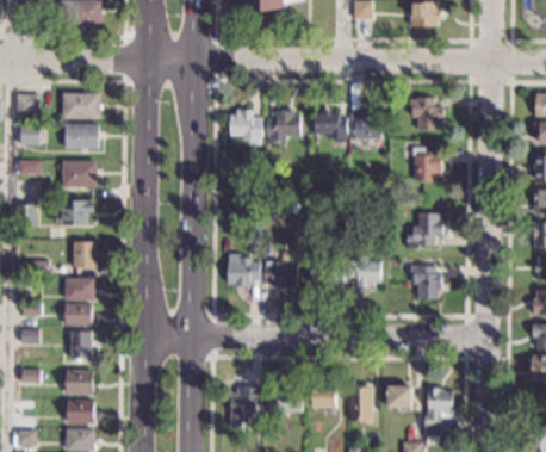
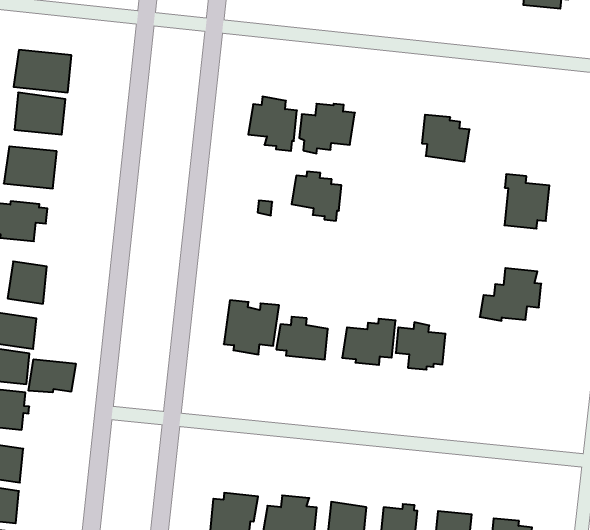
building: [408,97,445,130] -> none
building: [314,110,347,142] -> [292,172,341,221]
building: [408,265,443,299] -> none
building: none -> [29,359,76,392]

